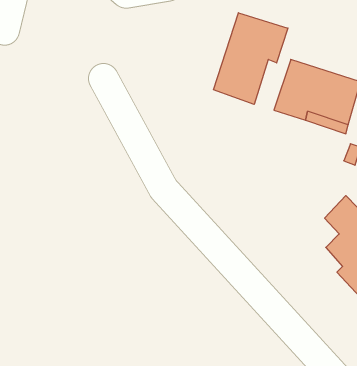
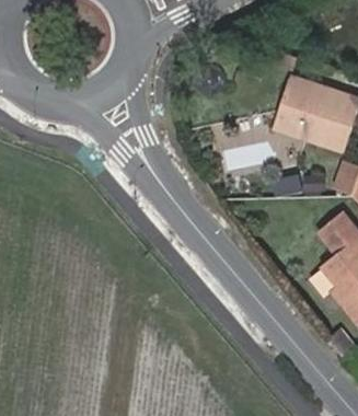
building: [214,13,288,104] -> none

